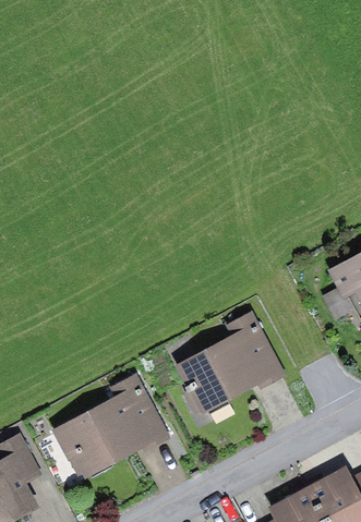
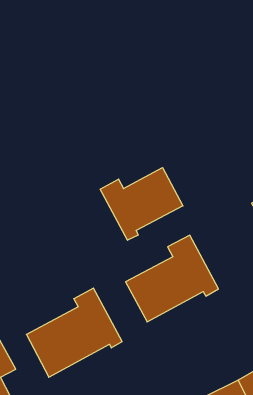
building: none -> [100,168,183,240]

